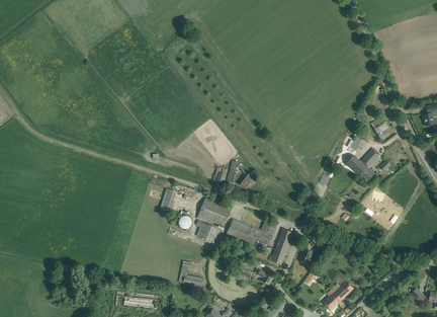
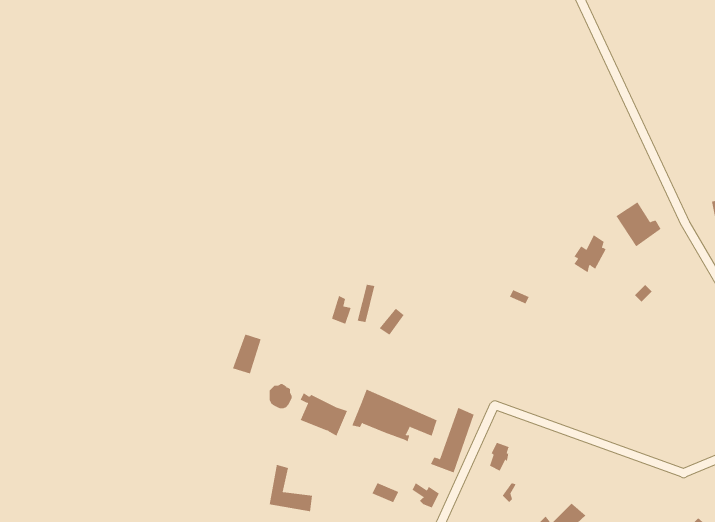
building: [346,149,380,182] -> none
building: [196,197,232,228] -> none

